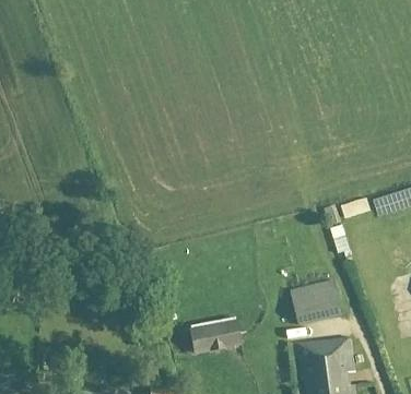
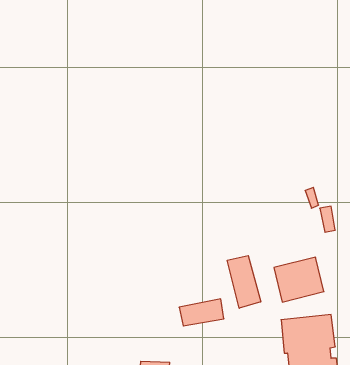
building: none -> [227,256,261,308]

